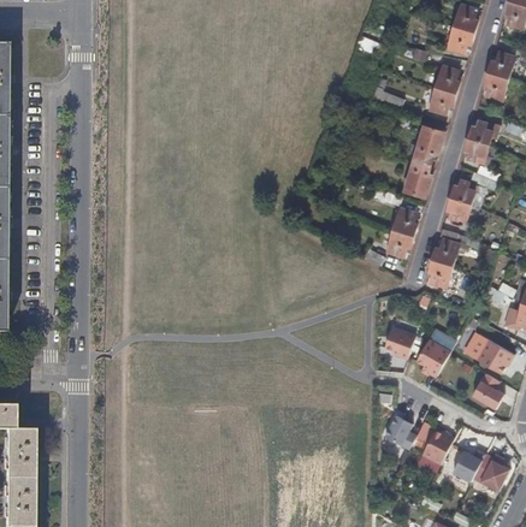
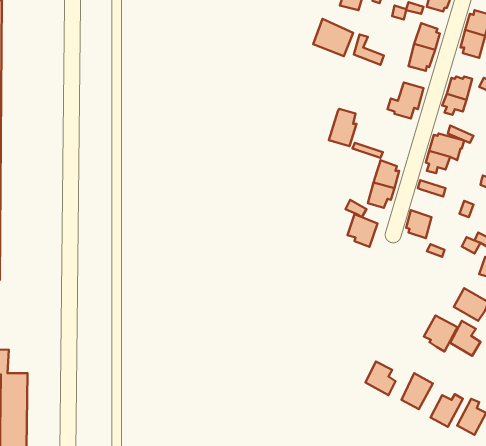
building: none -> [313,19,353,56]
building: [404,159,433,197] -> [329,109,357,146]
building: [432,237,467,266] -> none
building: [385,326,416,360] -> [347,214,378,247]
building: [416,339,451,377] -> [424,316,457,352]

